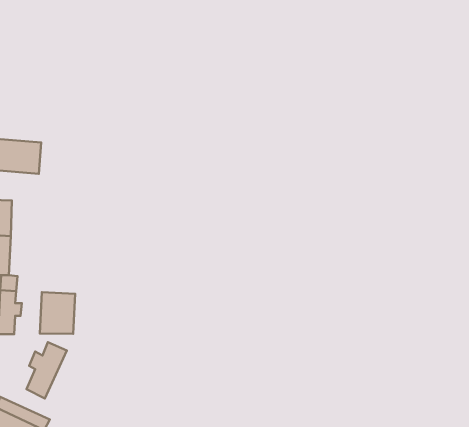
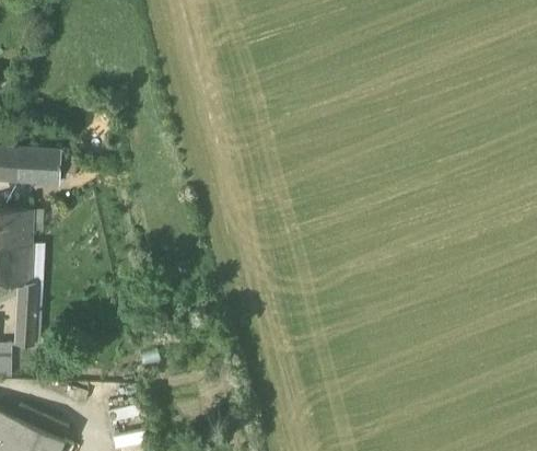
building: [40,292,75,334] -> none
building: [26,342,67,399] -> none

